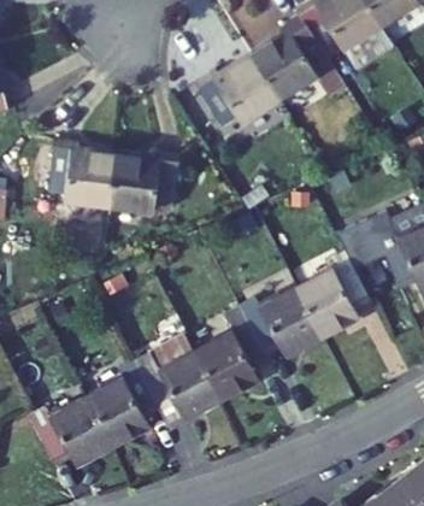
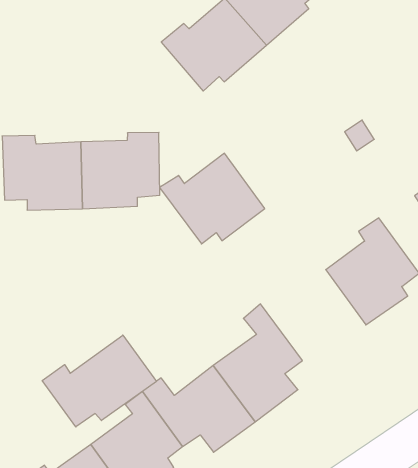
building: [240,287,322,357] -> [160,153,265,244]
building: none -> [42,335,156,427]

